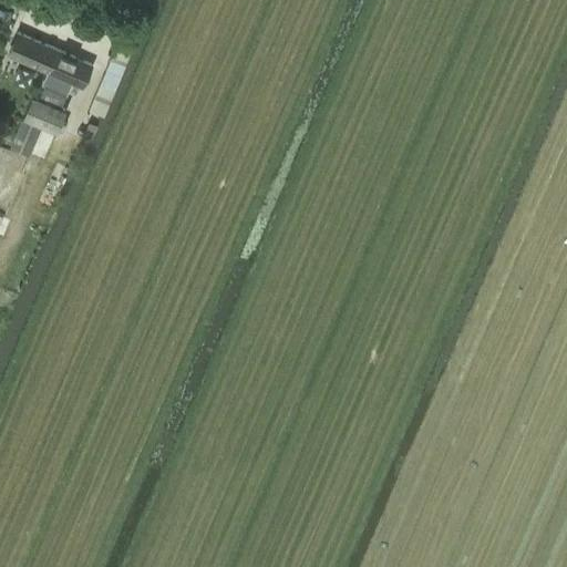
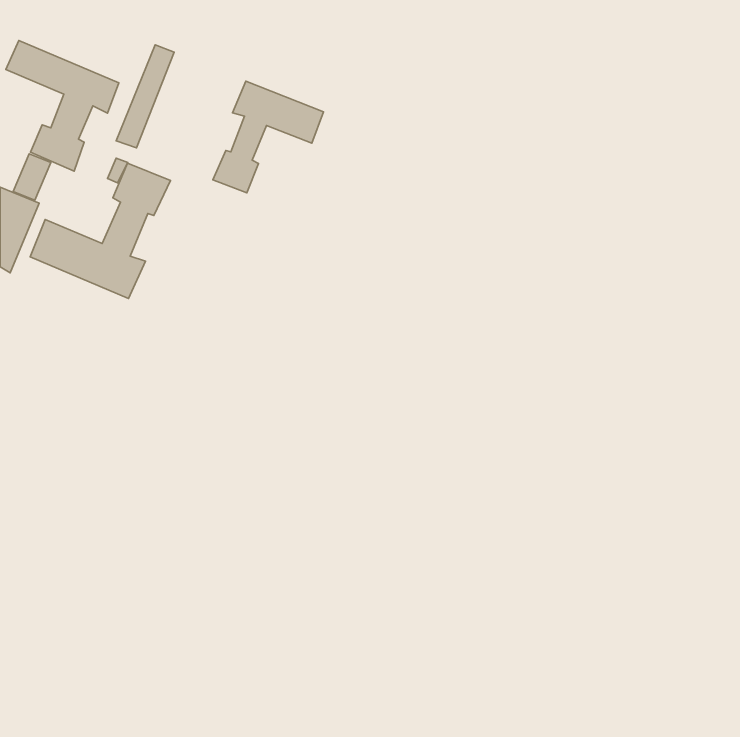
building: none -> [213,81,323,193]
building: none -> [30,163,171,298]

